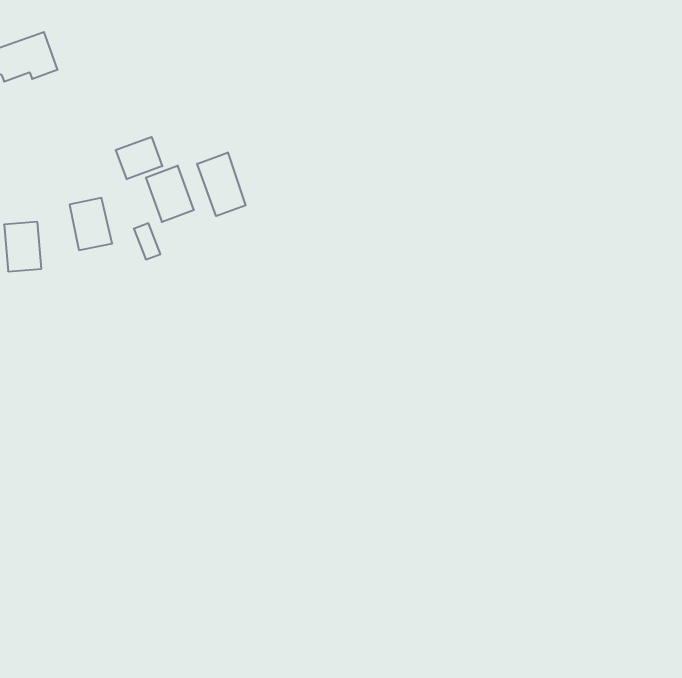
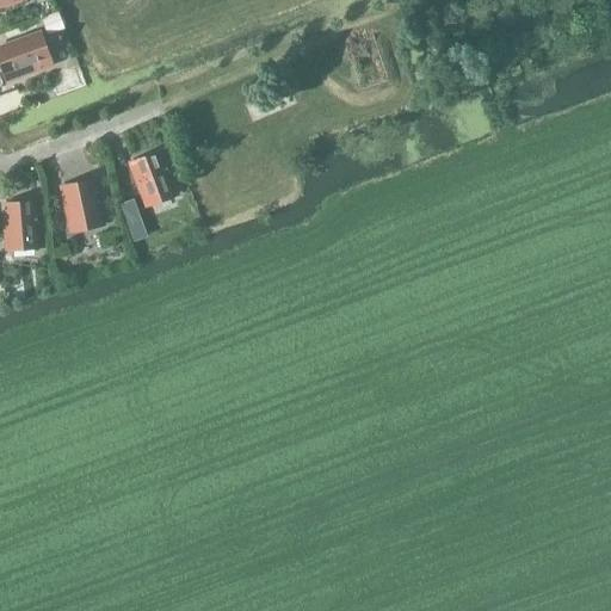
building: [116,137,162,179] -> none
building: [197,152,246,216] -> none

